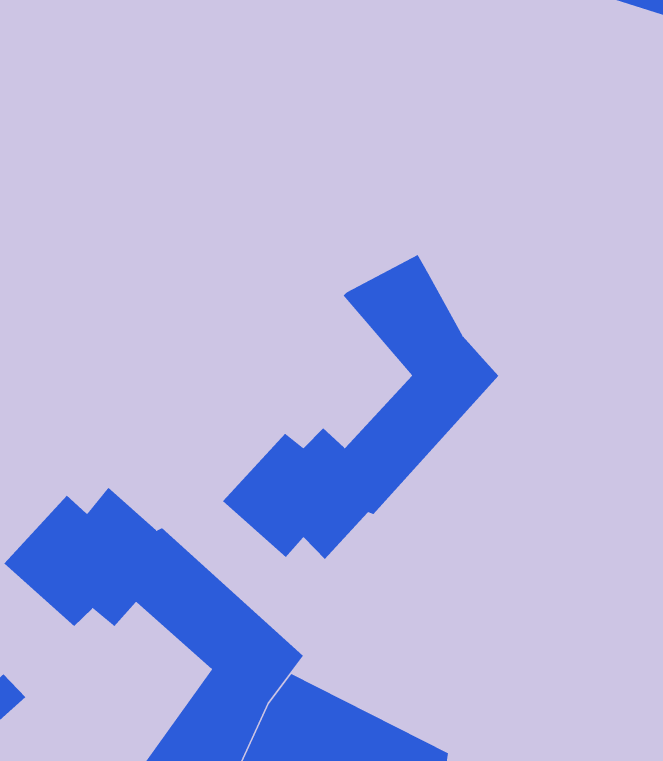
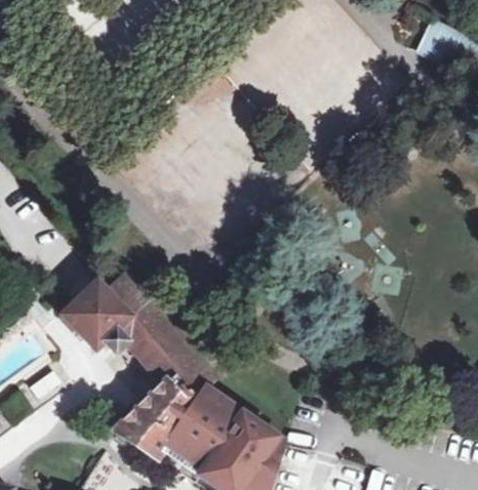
building: [222,254,499,560] -> none

